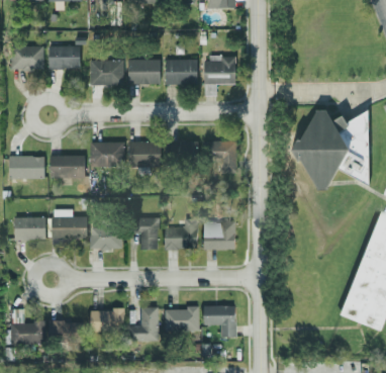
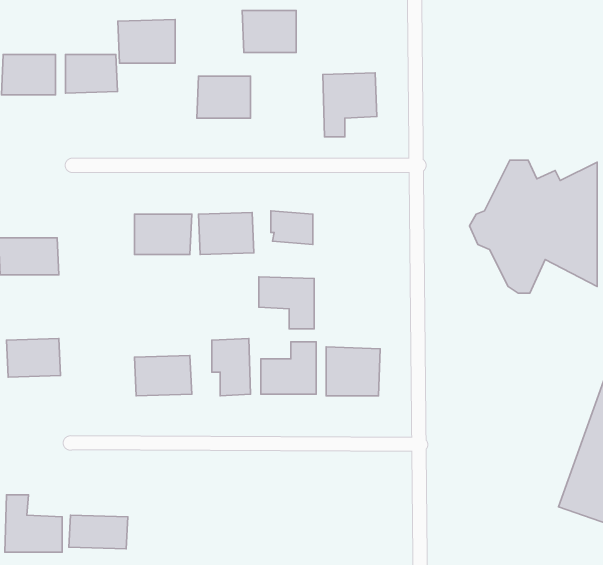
building: [88,59,122,85] -> [118,19,175,63]
building: [164,59,196,84] -> [242,11,296,53]
building: [202,139,235,171] -> [259,277,314,329]
building: [49,155,84,176] -> none
building: [51,208,86,239] -> none
building: [204,306,237,339] -> none
building: [133,308,160,342] -> none
building: [165,309,200,333] -> none
building: [94,310,125,333] -> none

